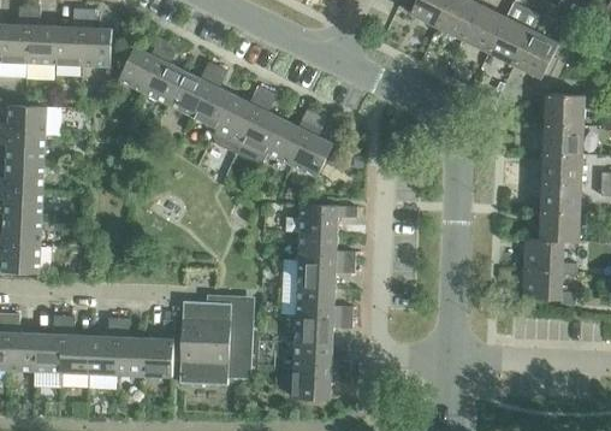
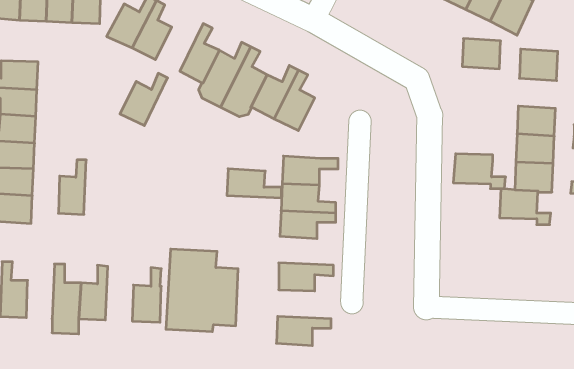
building: [167,61,216,116] -> [120,73,168,126]
building: [542,123,582,154] -> [462,39,501,69]
building: [521,267,575,303] -> [453,154,506,189]
building: [295,287,351,317] -> [227,169,282,198]
building: [34,315,63,372] -> [58,160,86,214]
building: [115,318,144,374] -> none
building: [293,342,350,372] -> none

